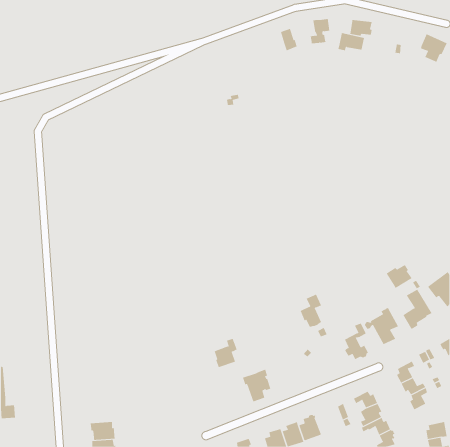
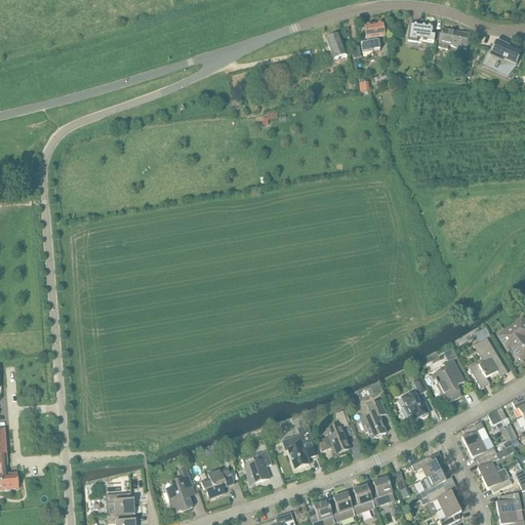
building: [338,32,365,51] -> [438,27,470,48]
building: [386,264,413,289] -> none
building: [300,294,322,327] -> [360,399,386,438]
building: [214,338,238,368] -> [244,449,272,484]
building: none -> [318,409,350,453]
building: none -> [163,467,194,510]
building: none -> [201,467,234,497]
building: none -> [482,467,512,492]
building: none -> [367,476,395,506]

